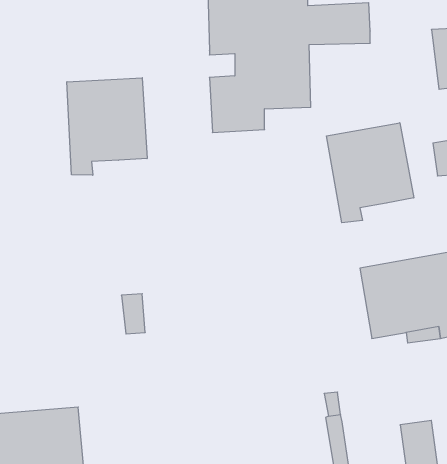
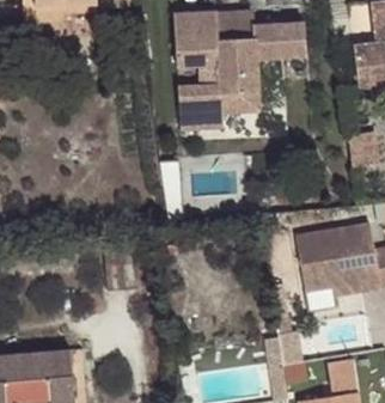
building: [67,78,147,175] -> none
building: [327,123,414,223] -> none

